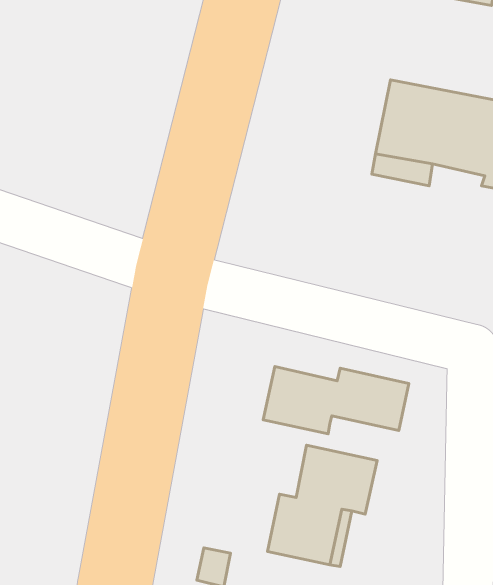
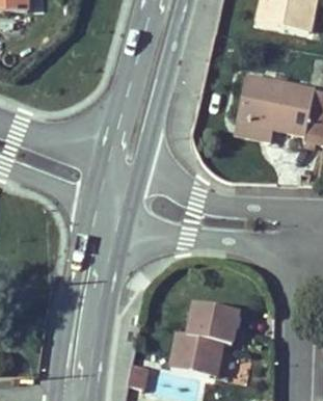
building: [263,366,409,434] -> none

